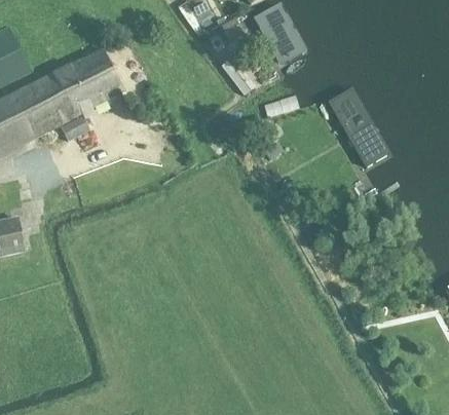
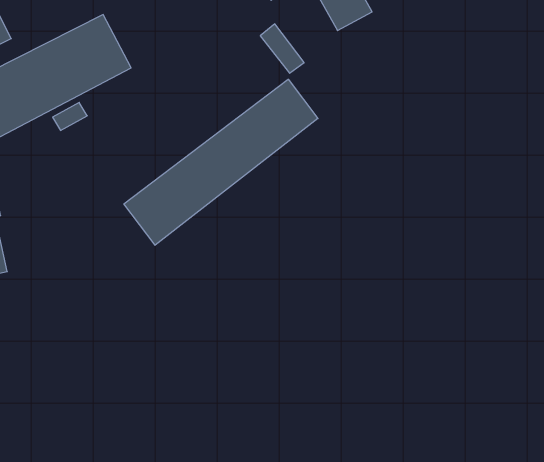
building: [327,86,394,171] -> none
building: none -> [124,79,318,245]

